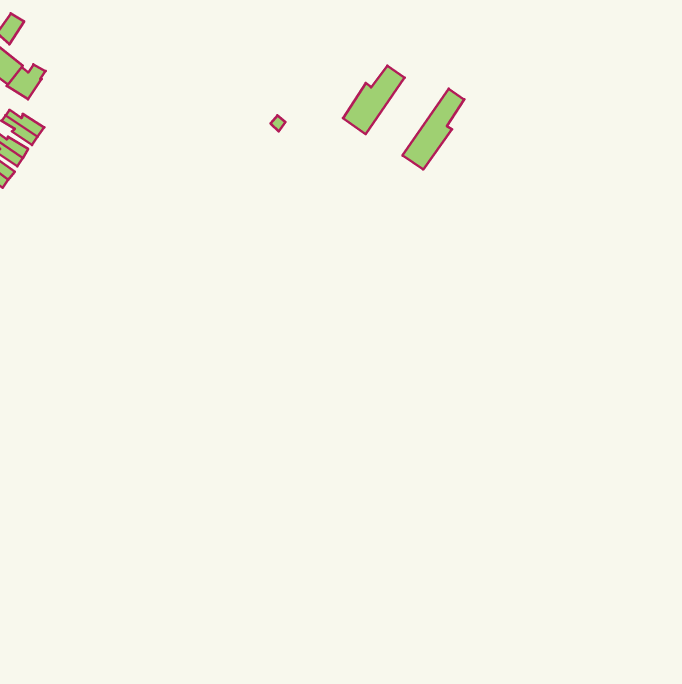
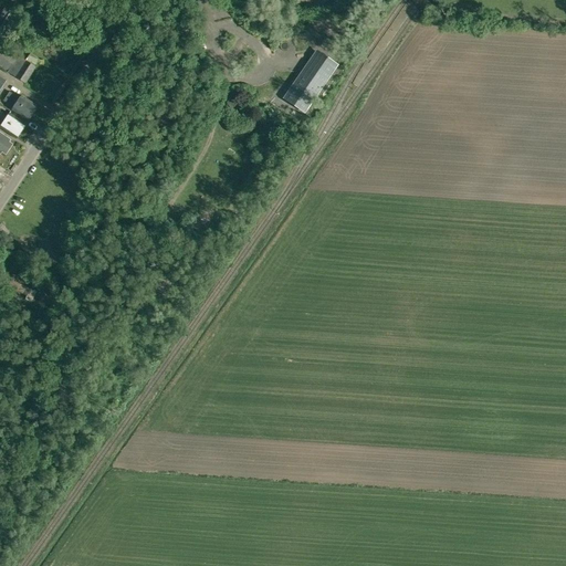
building: [403,89,464,169] -> none

